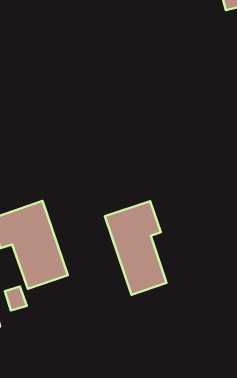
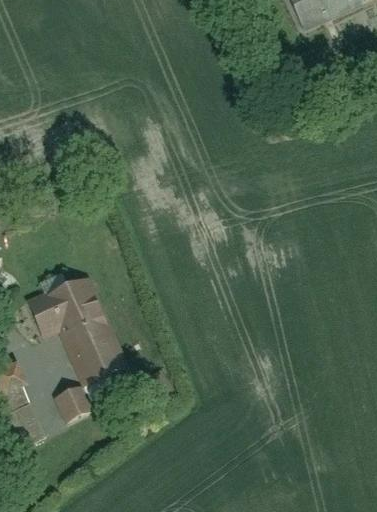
building: [105,201,166,295] -> none

